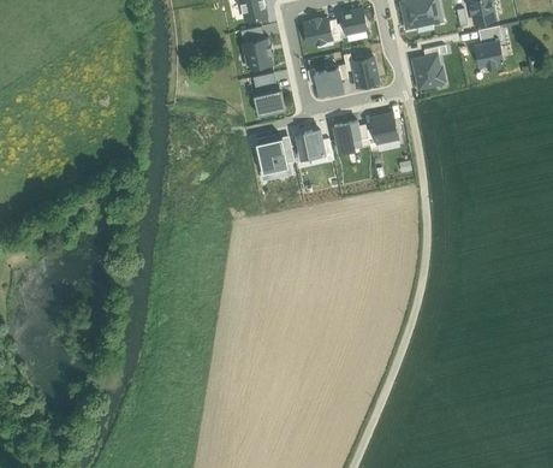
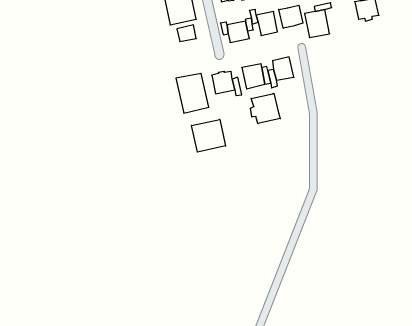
building: none -> [279,5,303,28]
building: [252,89,284,115] -> none
building: none -> [250,93,280,124]
building: none -> [192,119,226,152]

